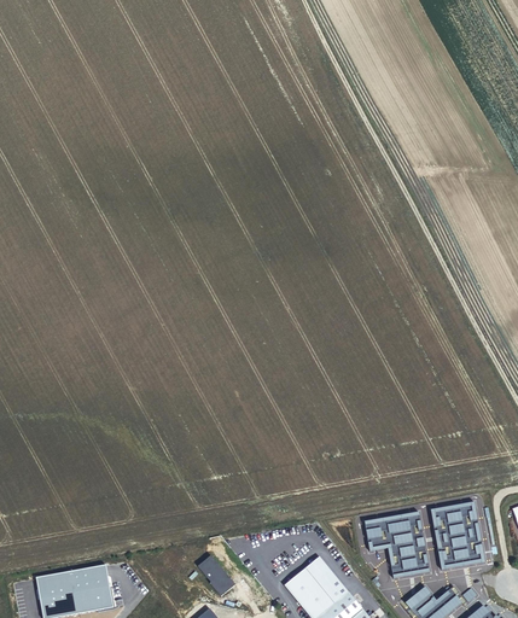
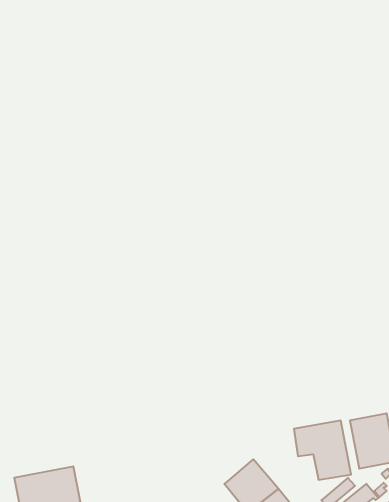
building: [199,556,237,597] -> none

